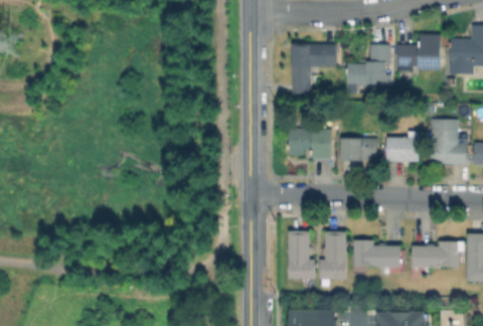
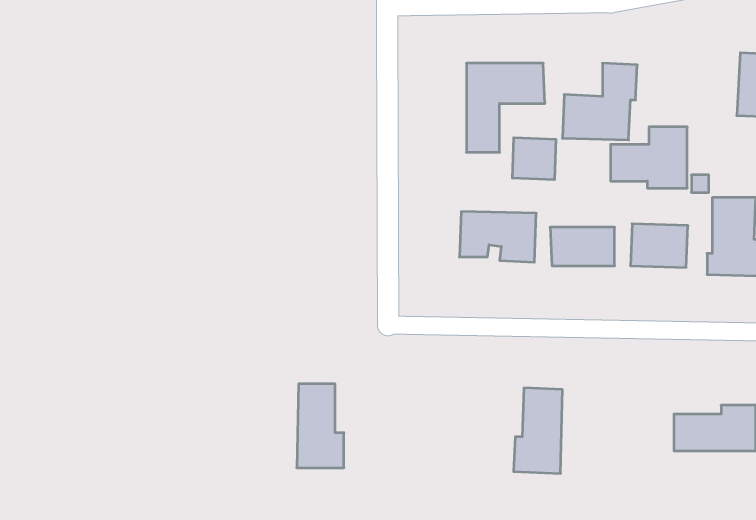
building: [396,34,441,69] -> [611,127,687,188]
building: none -> [512,138,556,180]
building: [288,230,315,279] -> [297,384,344,468]
building: [353,239,400,267] -> none

